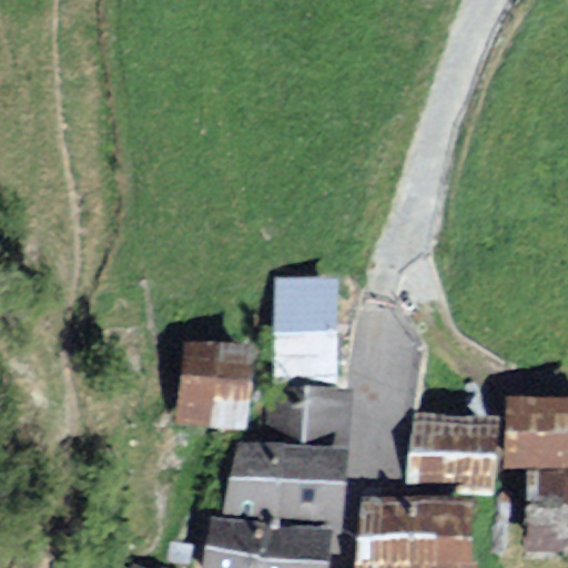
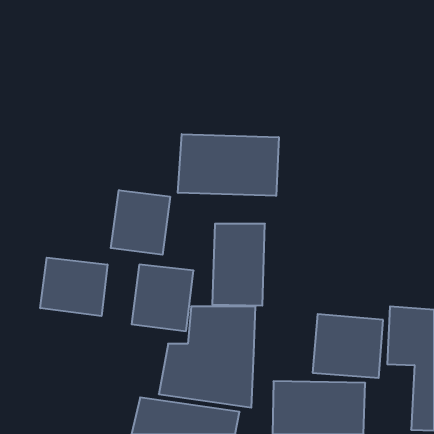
building: none -> [178,134,279,196]
building: none -> [111,190,170,255]
building: none -> [40,258,107,316]

